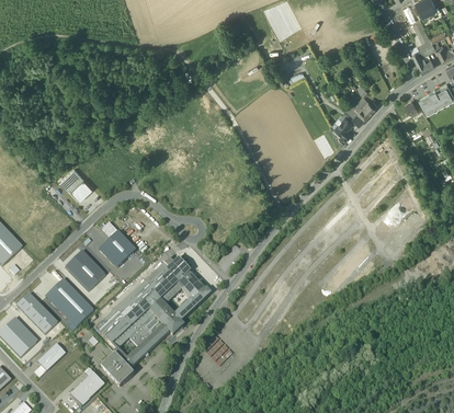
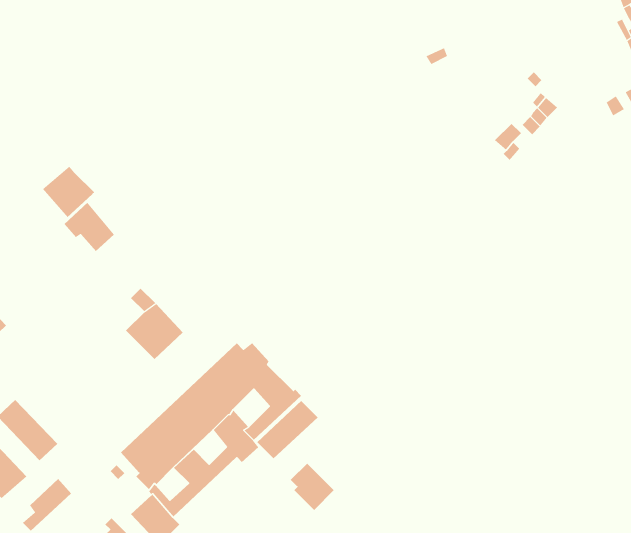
building: none -> [42,166,95,218]
building: [65,251,105,291] -> none
building: [44,278,94,329] -> none
building: none -> [256,400,318,459]

